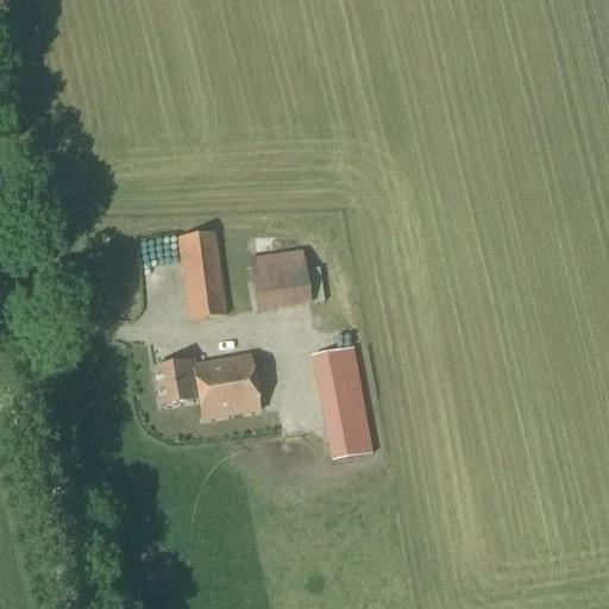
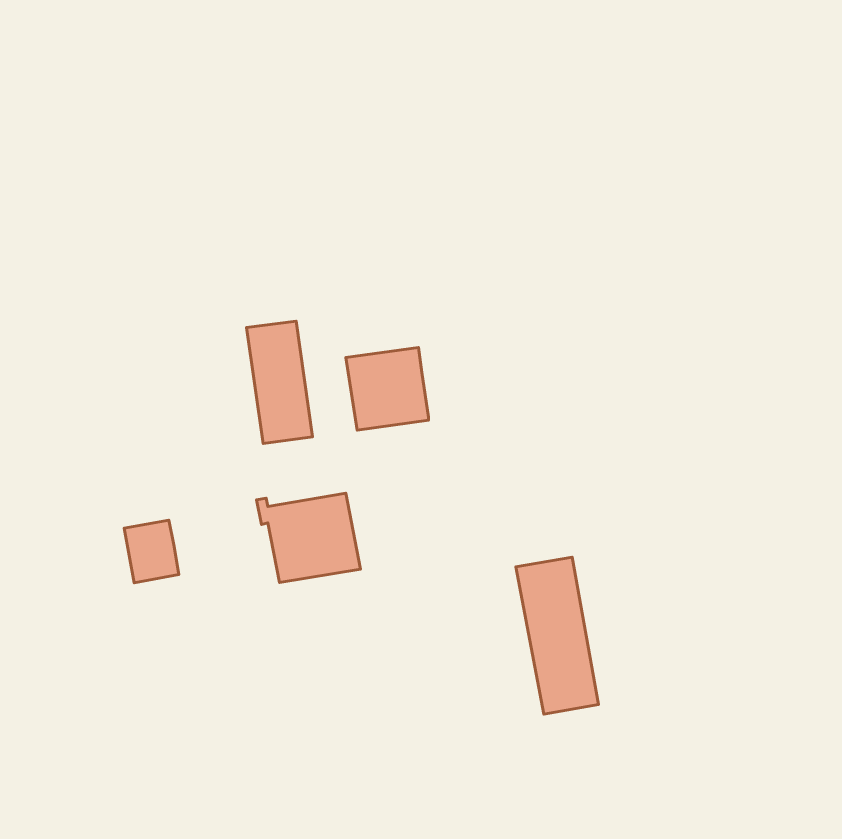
building: [313,346,372,459] -> [516,557,599,714]
building: [155,359,194,404] -> [124,520,179,583]

